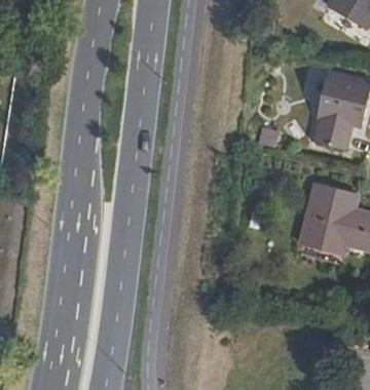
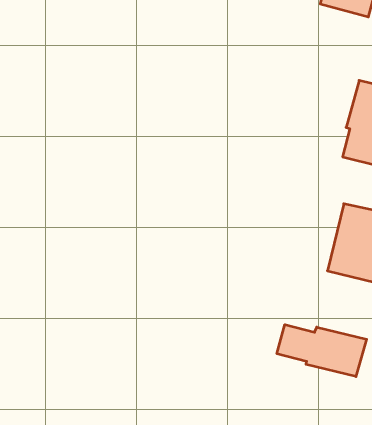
building: none -> [277,325,367,377]

